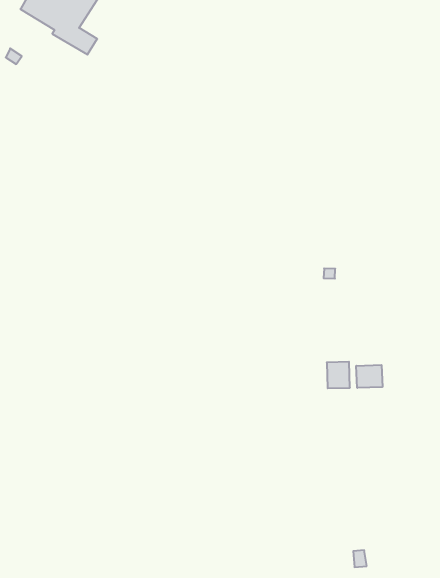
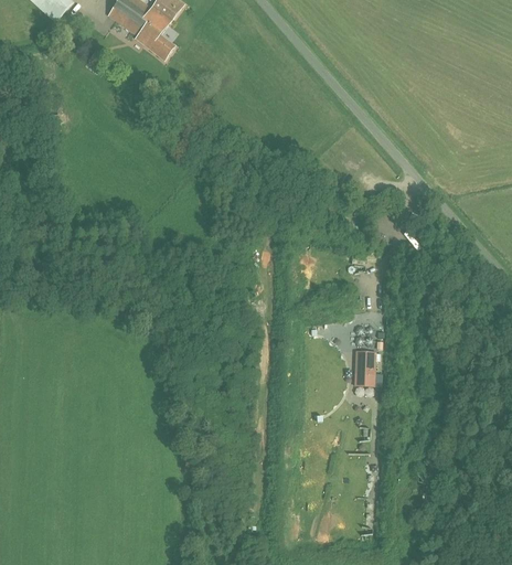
building: [356,365,382,388] -> none

